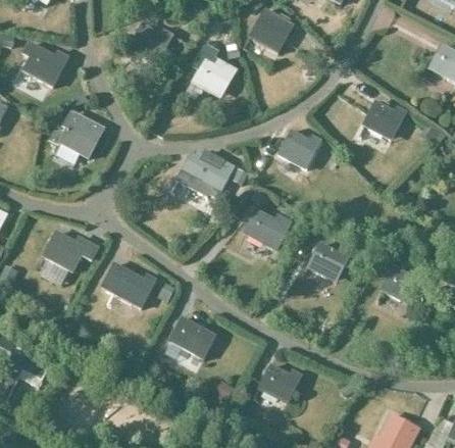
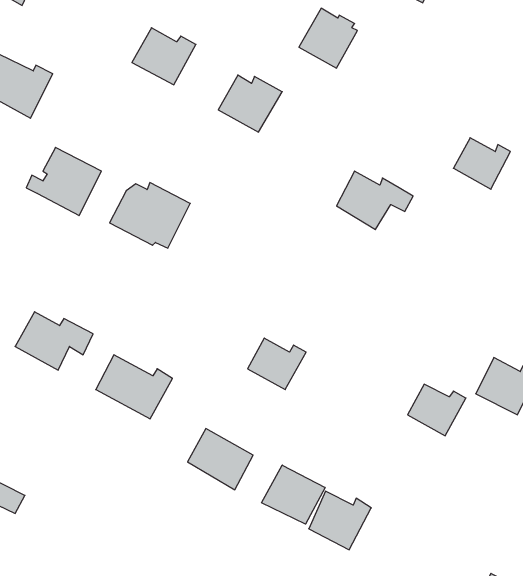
building: [175,150,235,198] -> [110,183,190,248]
building: [244,210,287,248] -> [248,338,306,390]
building: [307,244,350,282] -> [408,384,466,436]
building: none -> [262,465,325,524]

